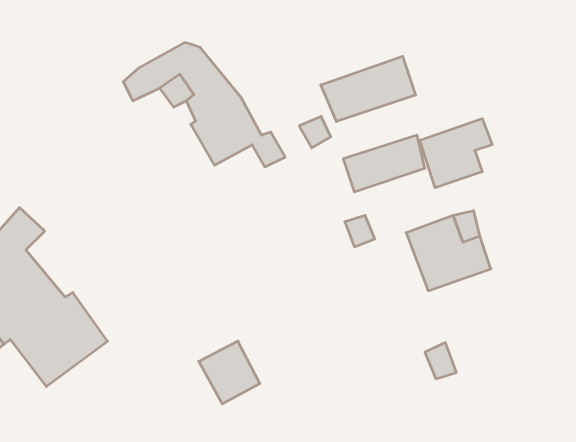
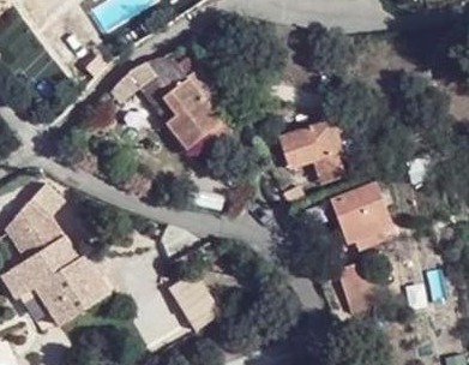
building: [321,56,416,122] -> none
building: [420,119,492,188] -> none

